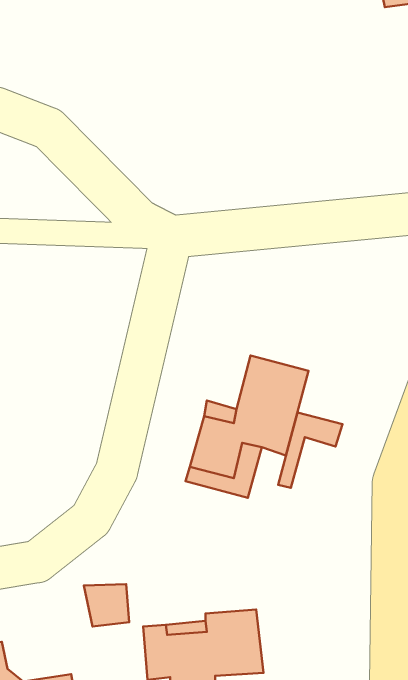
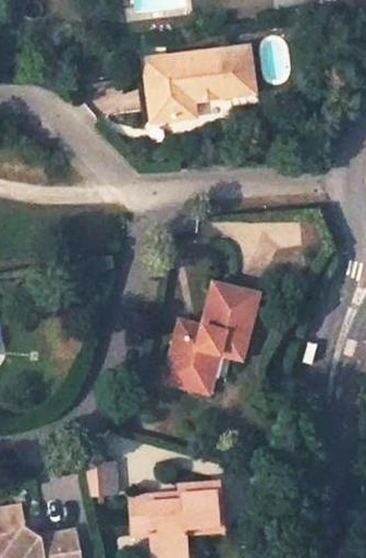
building: none -> [138,43,248,120]
building: [278,412,343,488] -> none

